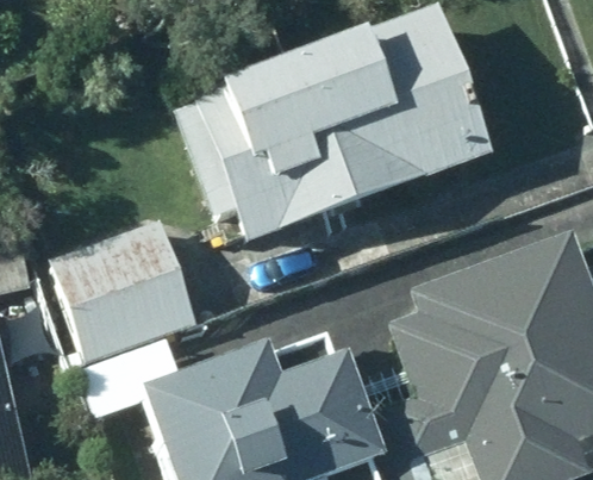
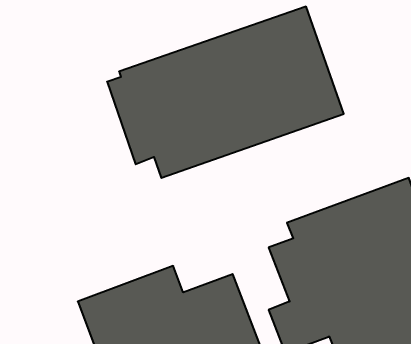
building: [48,218,198,361] -> none

